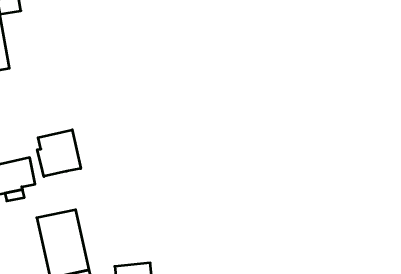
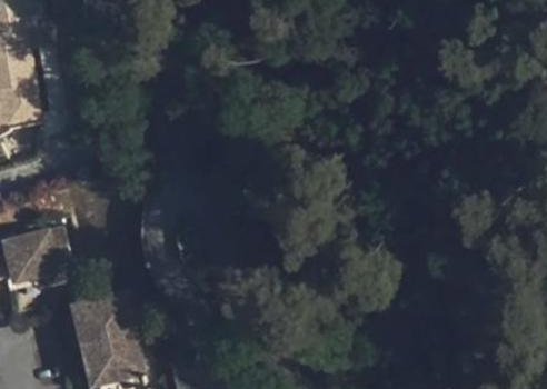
building: [37,130,81,177] -> none

